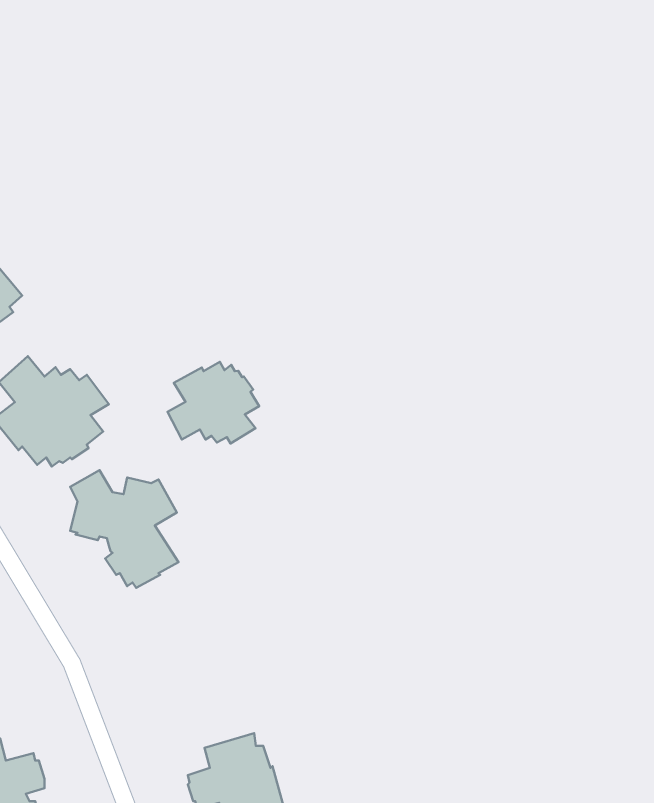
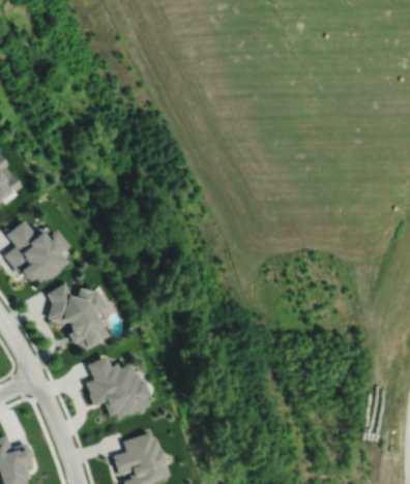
building: [168,362,259,443] -> none
building: none -> [86,357,150,418]

